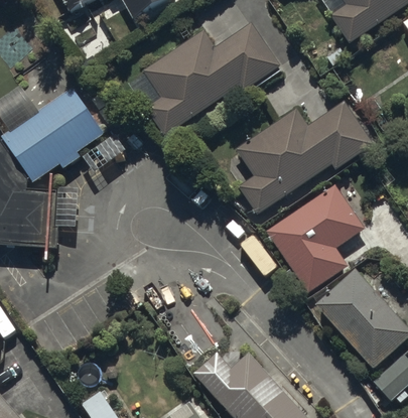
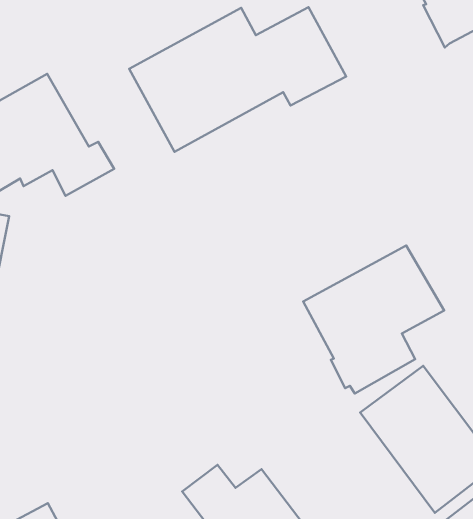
building: [236,101,374,216] -> none

